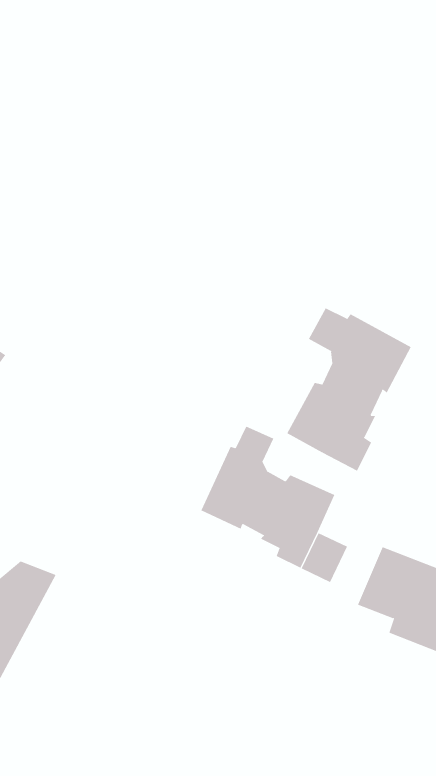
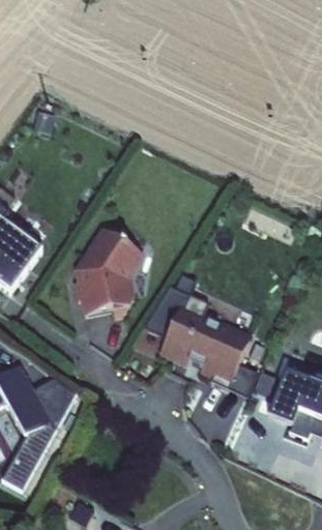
building: [287,307,412,471] -> none
building: none -> [82,227,144,313]

